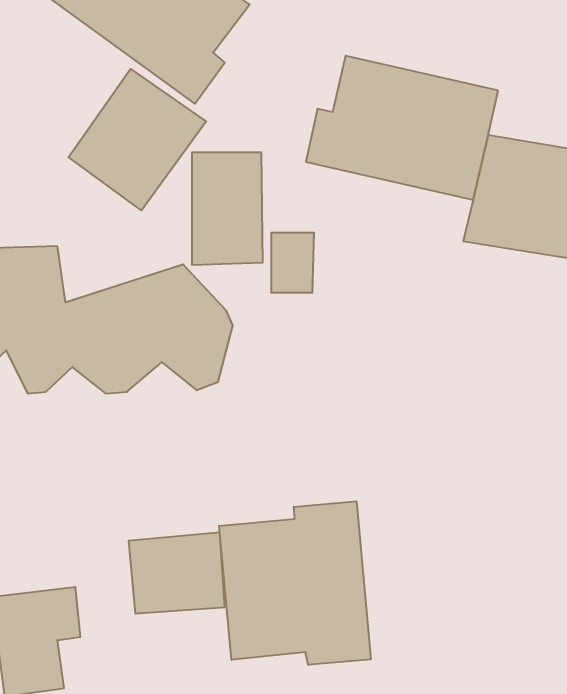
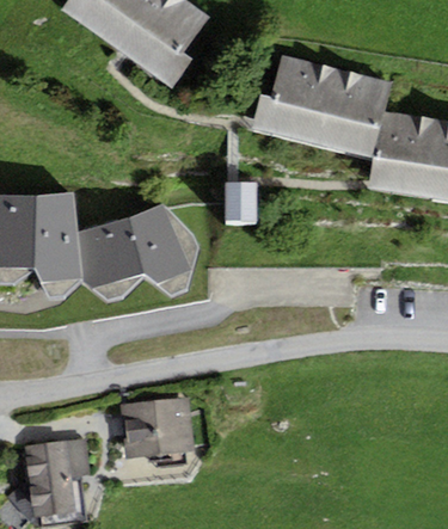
building: [68,69,206,210] -> none
building: [192,152,263,265] -> none
building: [219,501,371,665] -> none

